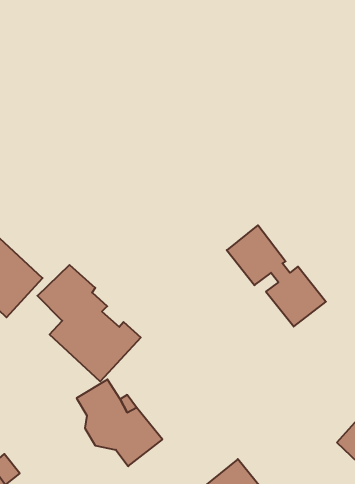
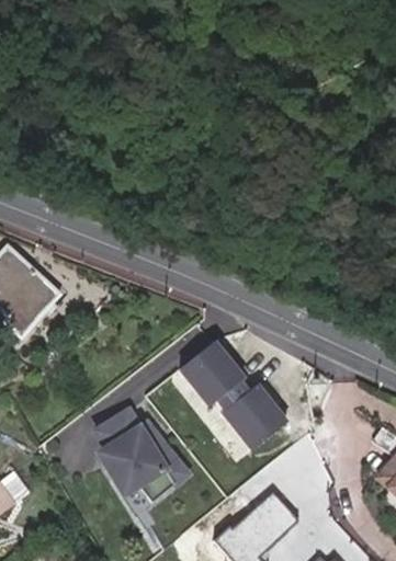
building: [227,225,326,327] -> [180,343,285,450]
building: [37,265,141,381] -> none

